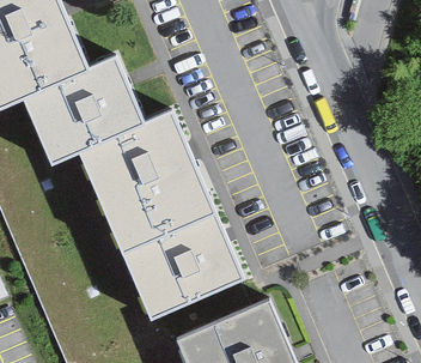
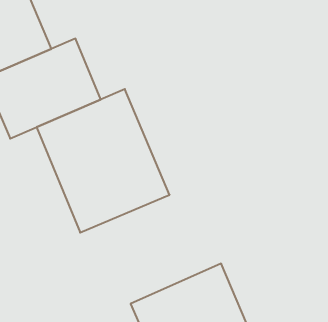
building: [123,226,234,319] -> none

